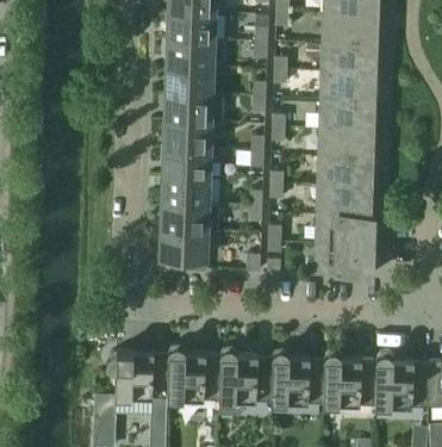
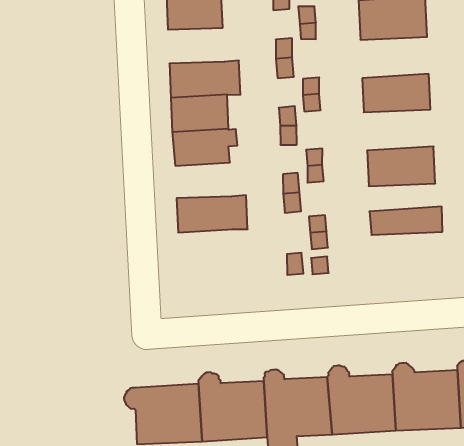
building: [167,67,212,97] -> none
building: [320,88,375,120] -> none
building: [319,147,373,179] -> none
building: [163,176,208,205] -> none
building: [317,206,375,228] -> none
building: [161,230,206,271] -> none
building: [316,246,374,277] -> none

